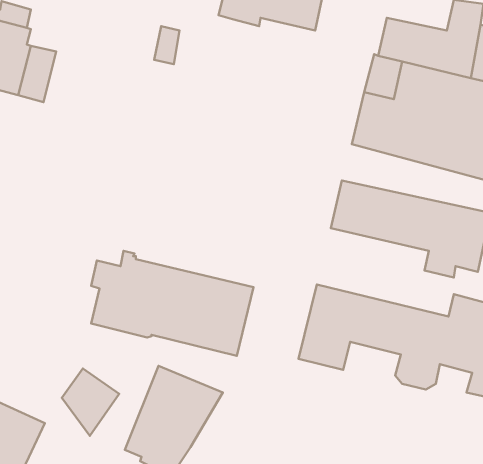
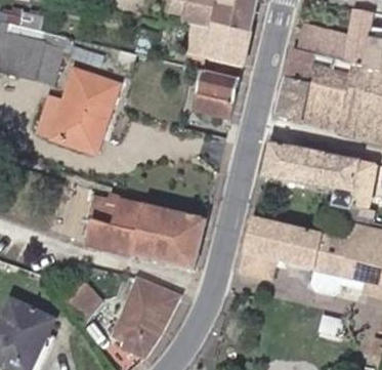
building: none -> [184,22,251,65]
building: none -> [36,69,118,151]
building: none -> [193,70,239,118]

